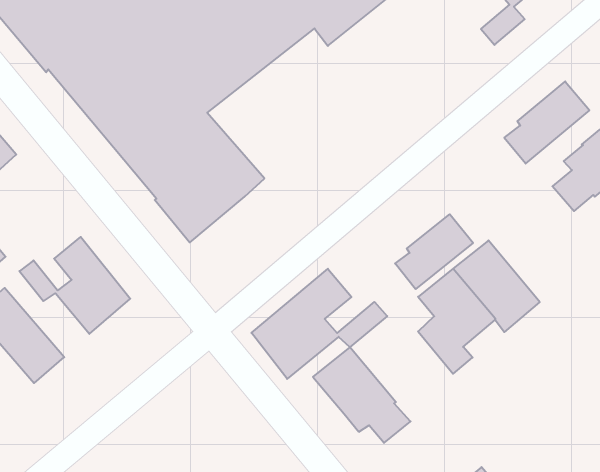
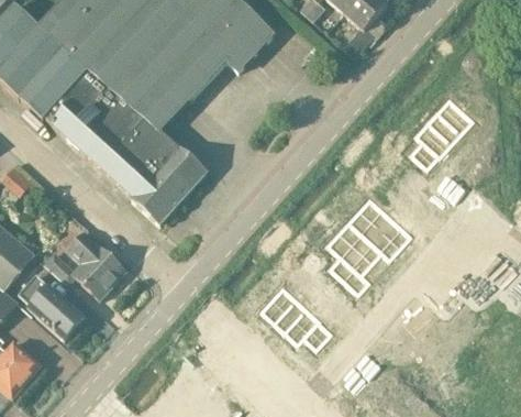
building: [504,81,589,164] -> none
building: [395,214,473,289] -> none
building: [251,269,387,379] -> none

